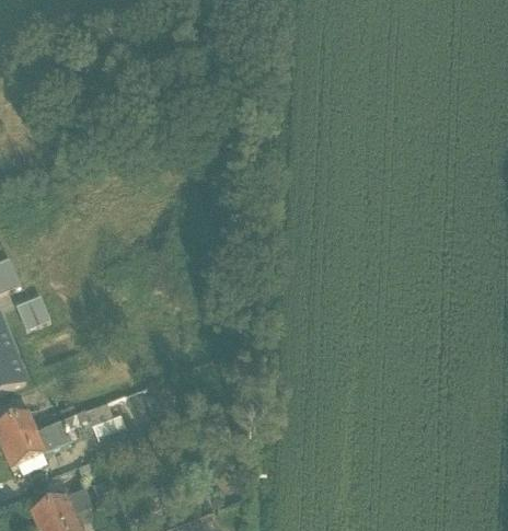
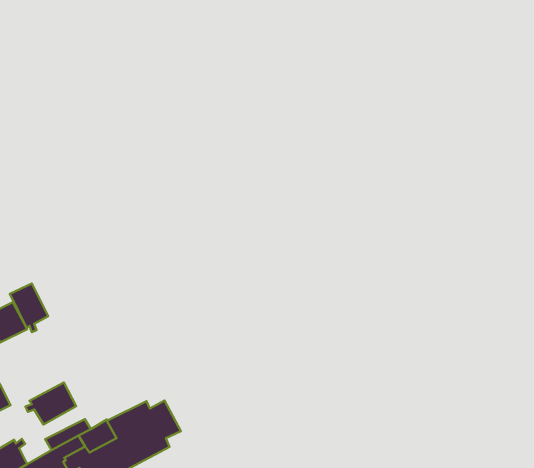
building: none -> [10,284,48,332]
building: none -> [25,382,76,425]

